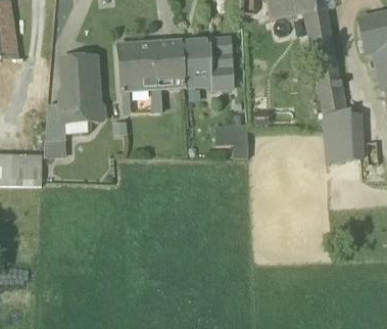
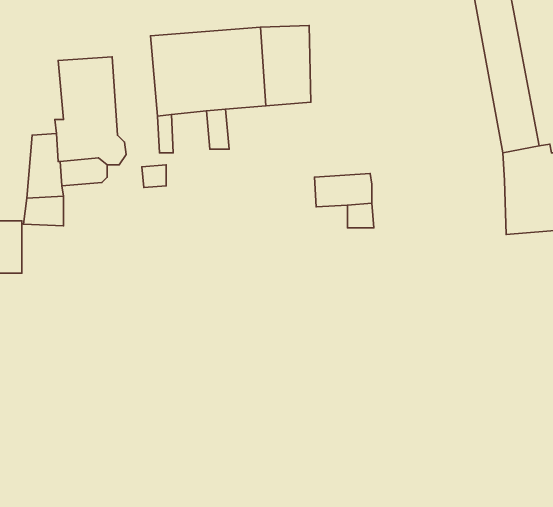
building: [210,36,232,87] -> none

